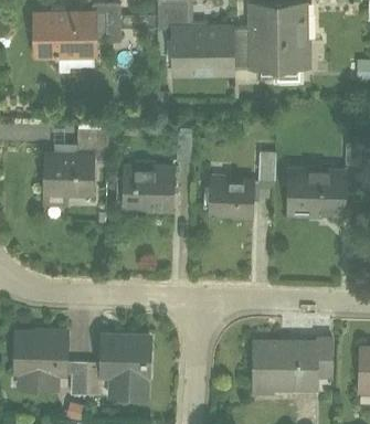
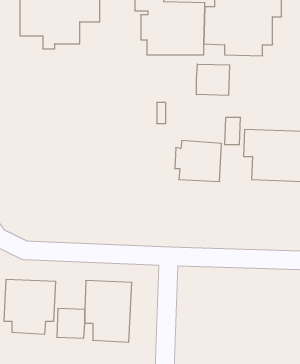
building: none -> [196,64,229,95]
building: [40,117,108,206] -> none
building: [115,160,173,215] -> none
building: [253,333,335,398] -> none

